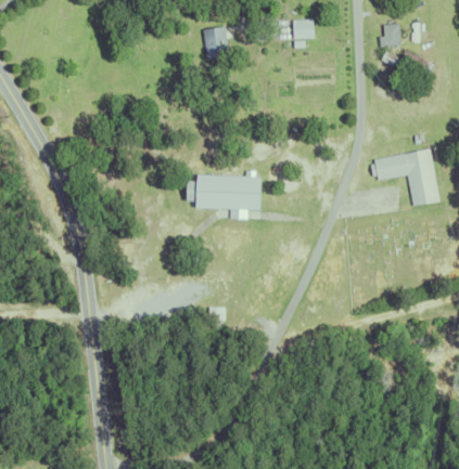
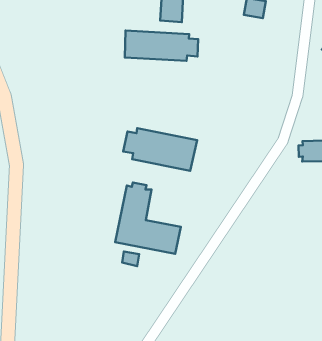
building: none -> [125,31,198,61]
building: none -> [115,182,181,254]

